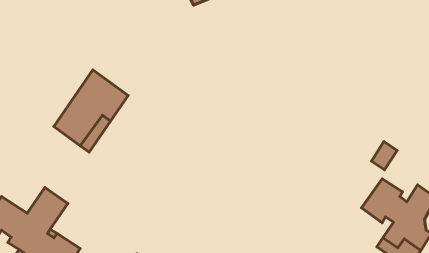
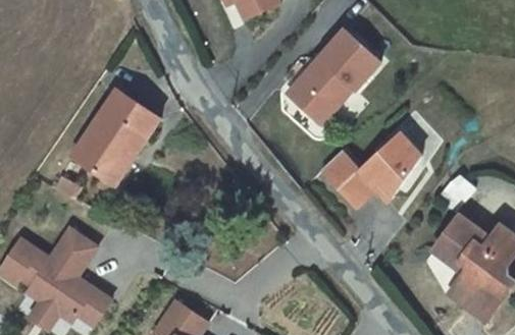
building: none -> [286,31,378,126]
building: none -> [316,133,416,209]

